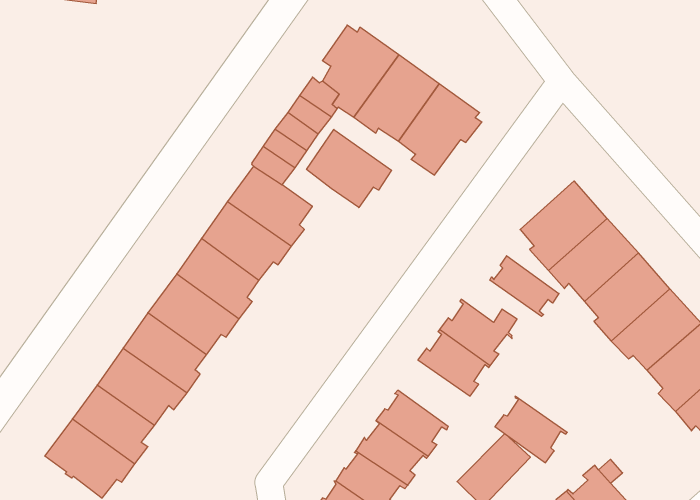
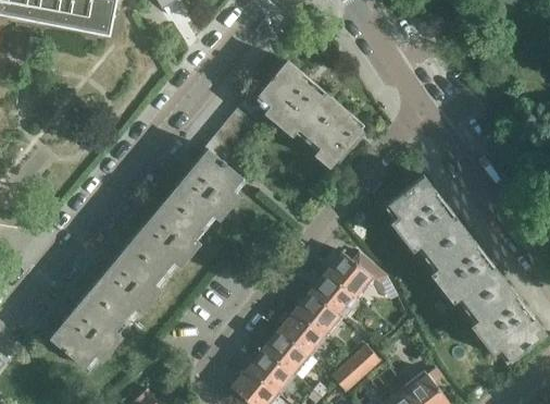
building: [307,129,392,208] -> none
building: [490,256,559,316] -> none
building: [495,396,567,463] -> [293,291,342,338]

